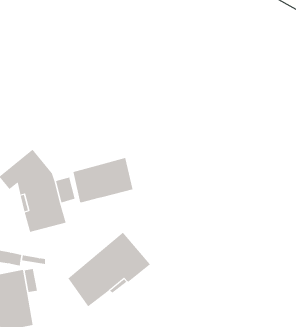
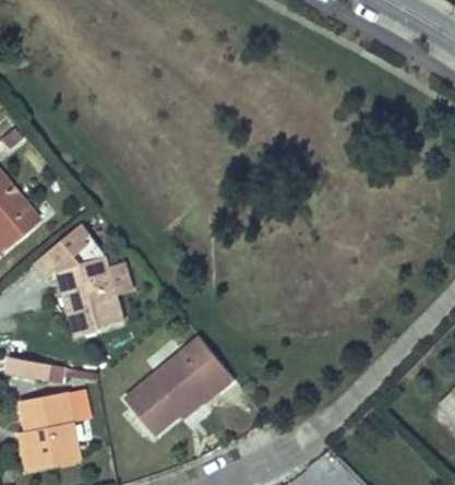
building: [73,157,133,203] -> none

